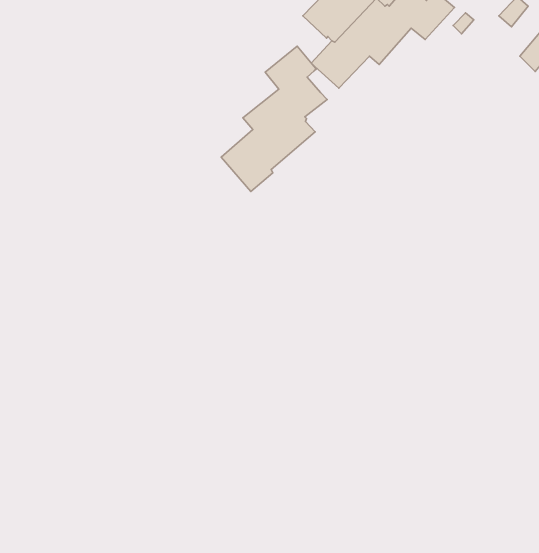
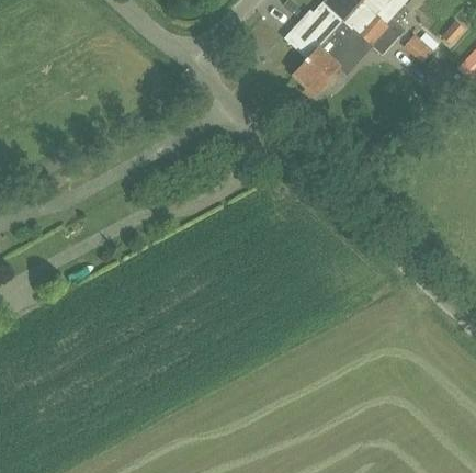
building: [221,46,327,192] -> none

